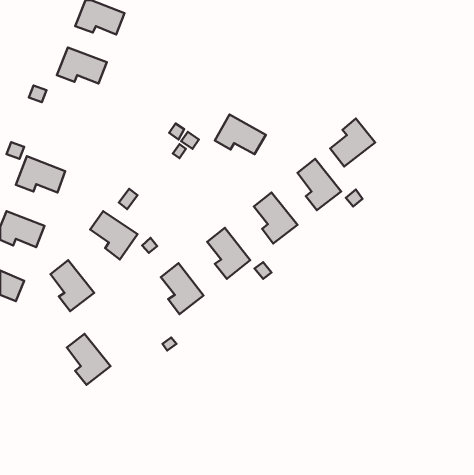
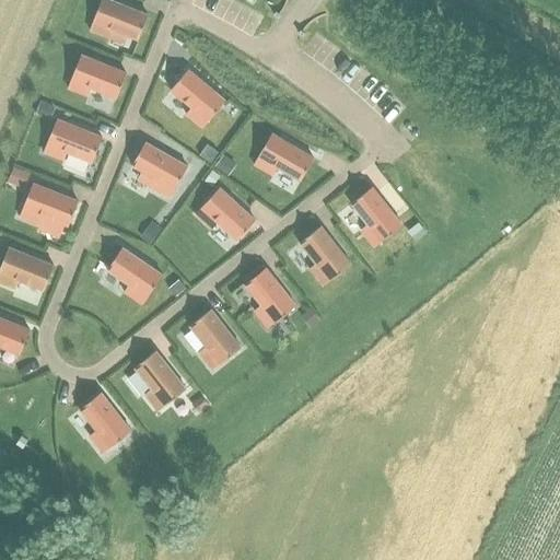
building: none -> [171,70,225,128]
building: none -> [44,119,102,162]
building: [330,119,375,166] -> none
building: none -> [132,142,187,198]
building: none -> [196,188,255,241]
building: [50,260,94,311] -> [135,351,186,411]

